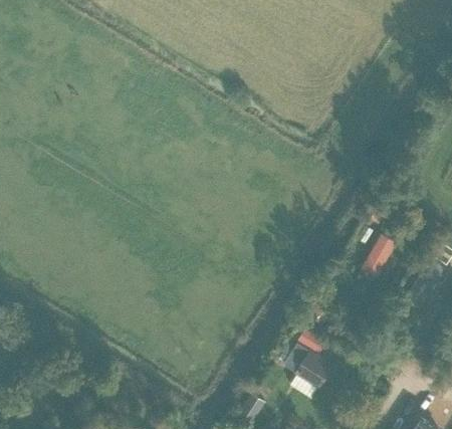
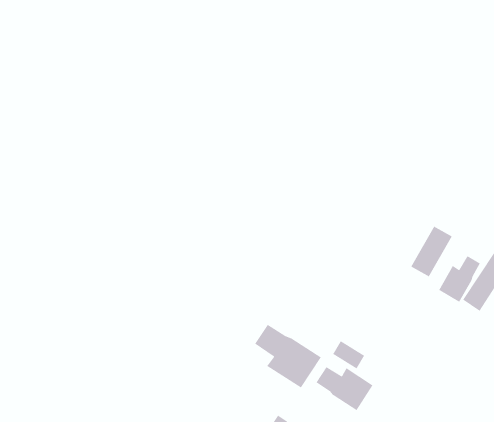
building: none -> [438,255,481,303]
building: none -> [254,324,322,389]

